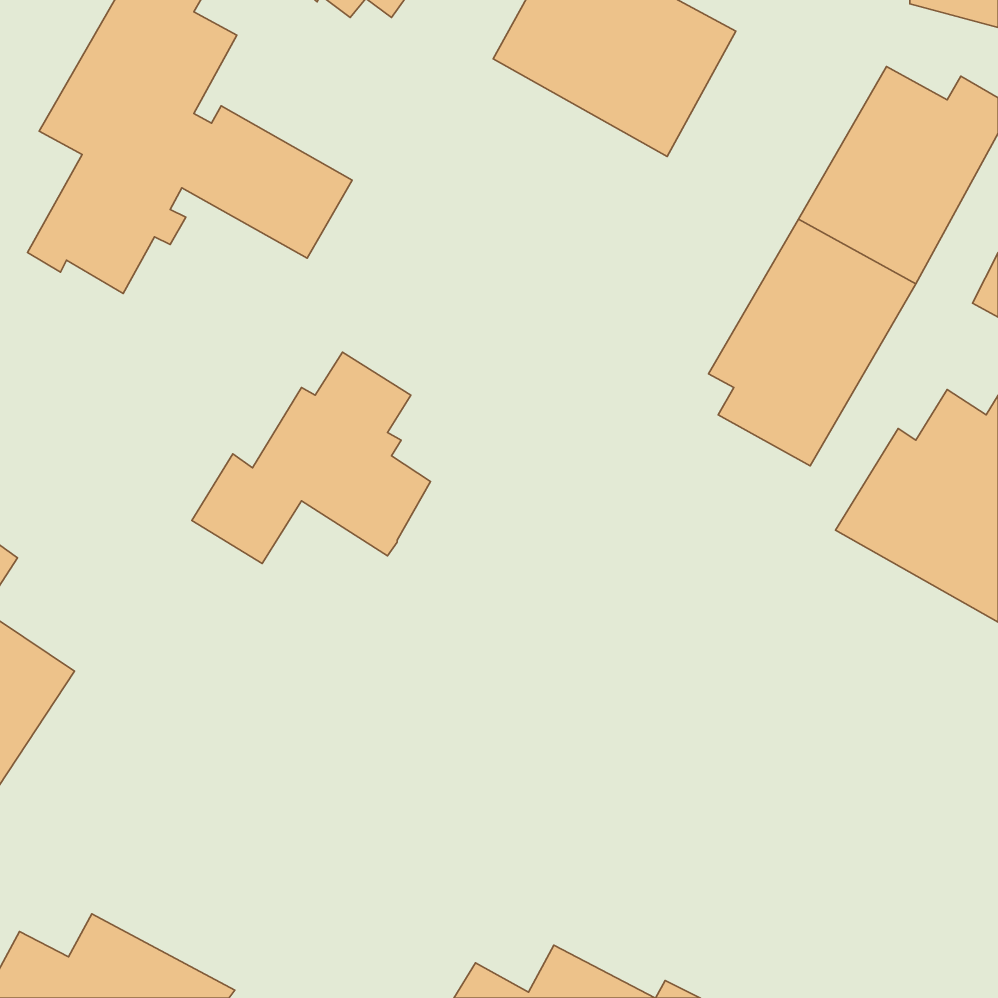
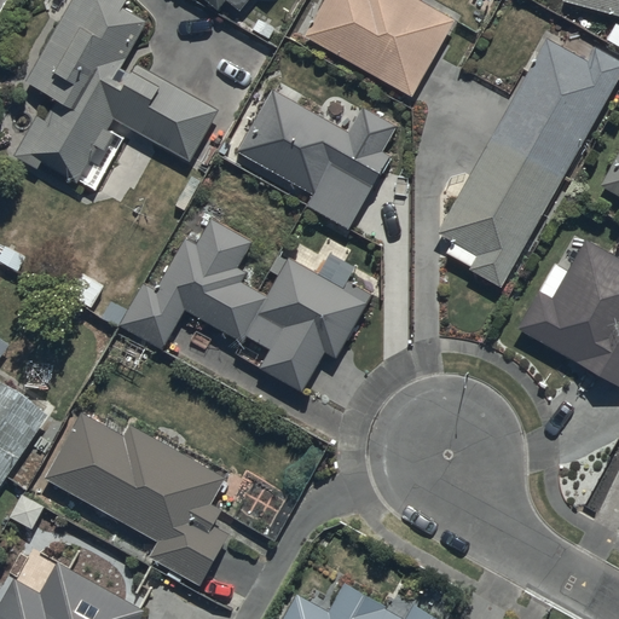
building: none -> [239,92,397,231]
building: none -> [245,255,375,393]
building: none -> [45,403,227,585]

